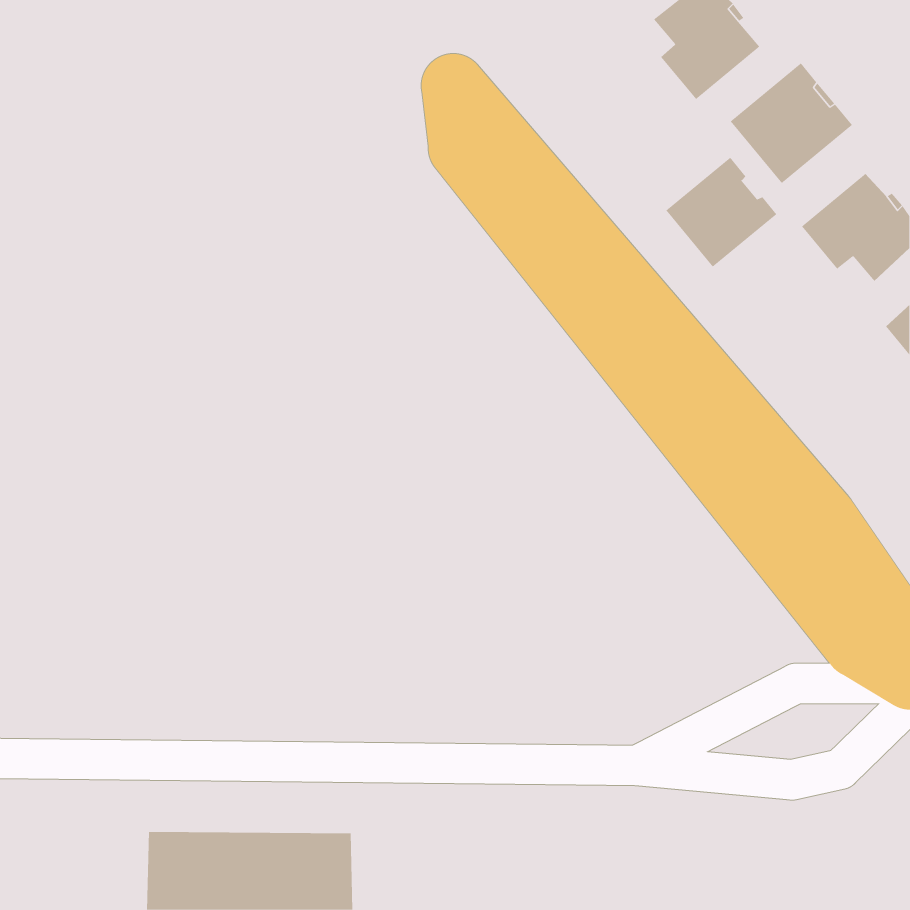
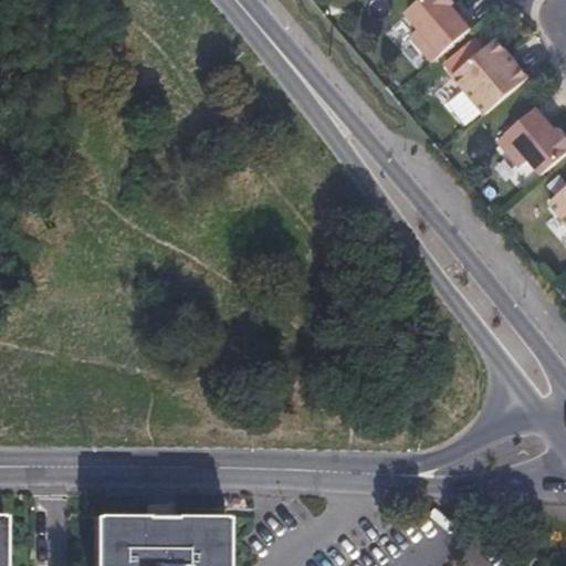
building: [665,157,777,268] -> none

